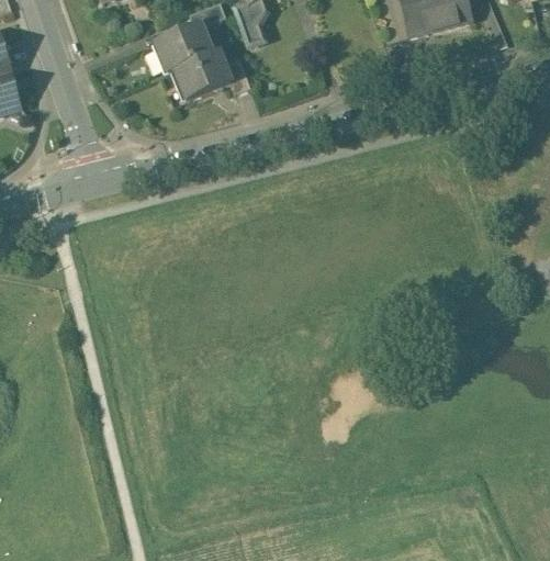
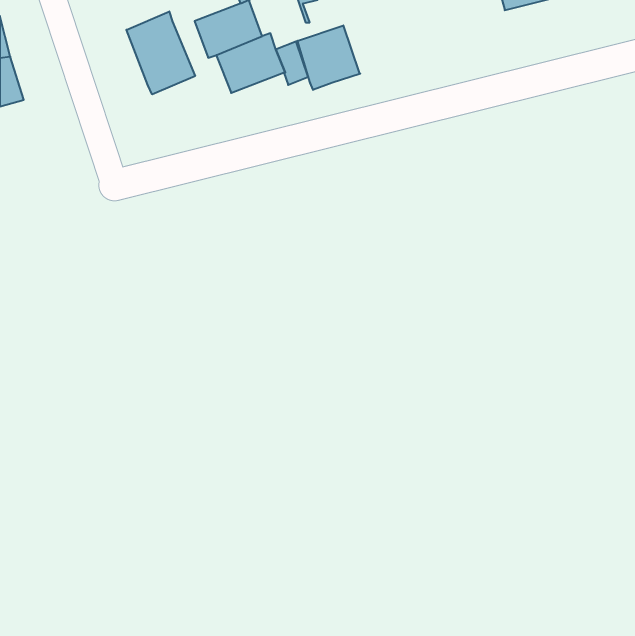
building: none -> [126,11,195,94]
building: none -> [297,25,360,90]

